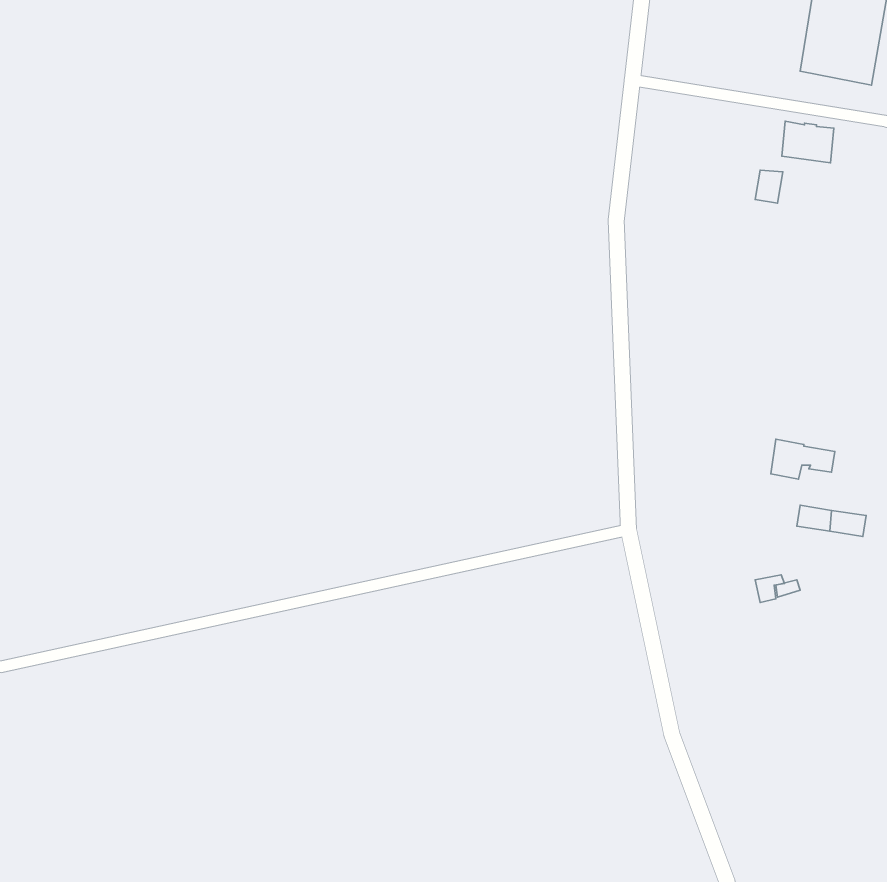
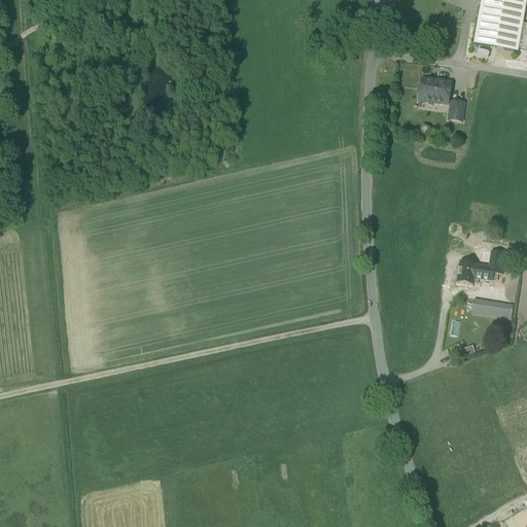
building: [782,121,834,163] -> [419,78,450,103]

